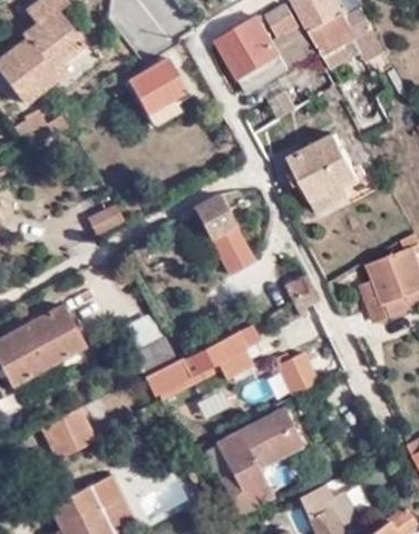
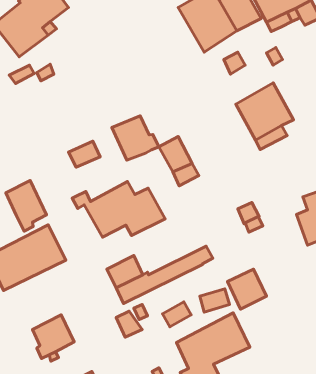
building: [129,58,185,126] -> none
building: none -> [112,116,159,160]
building: none -> [6,180,47,231]
building: none -> [72,181,165,237]

